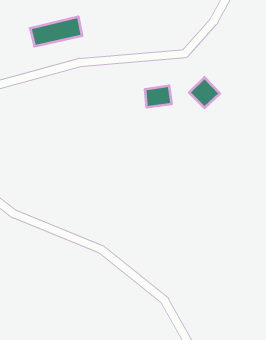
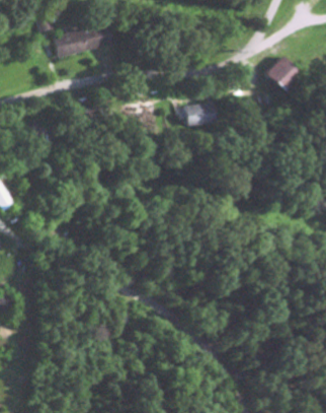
building: [189,77,220,108] -> [264,56,299,90]

